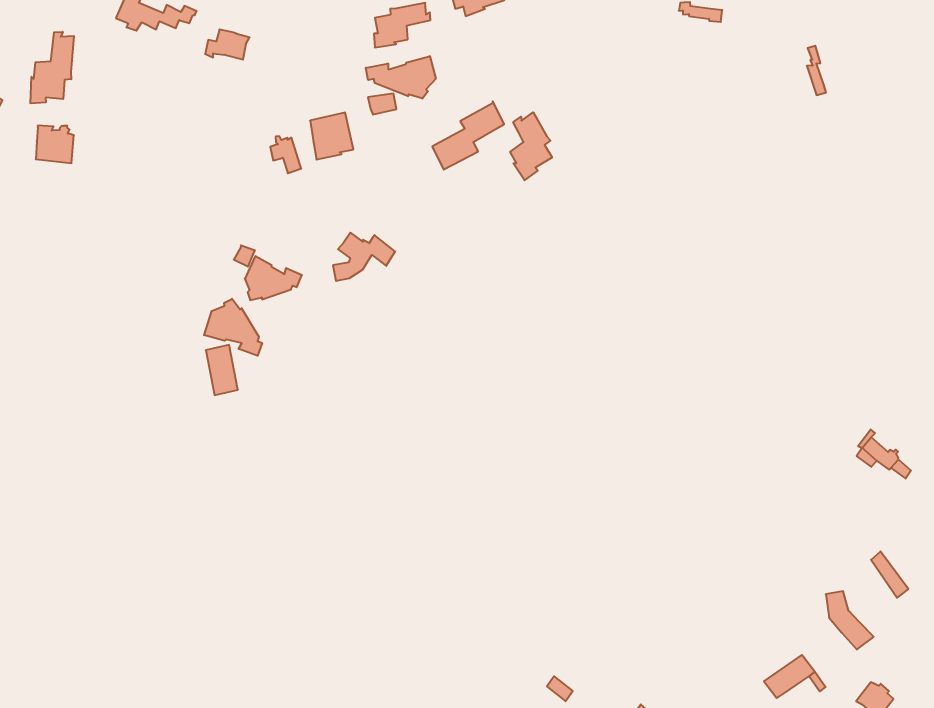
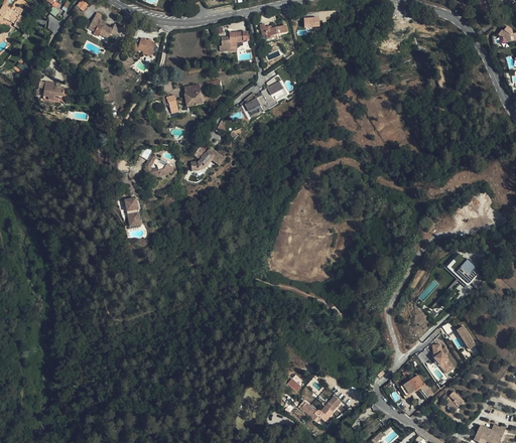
building: [30,32,74,103] -> none
building: [366,56,436,99] -> none
building: [510,112,552,180] -> none
building: [204,299,262,356] -> none

